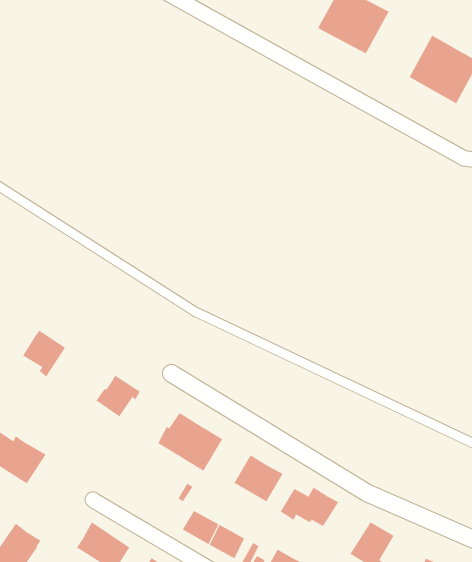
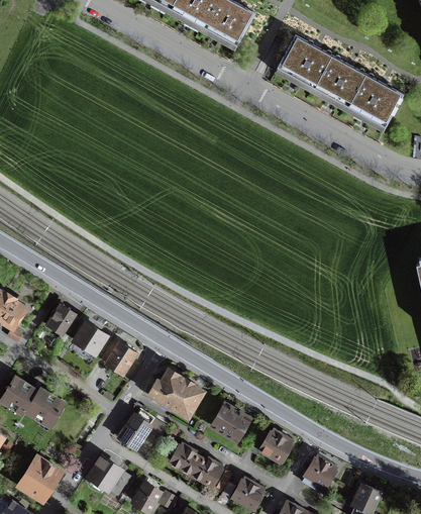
building: none -> [314,56,365,107]
building: none -> [74,322,105,353]
building: none -> [119,410,166,447]

